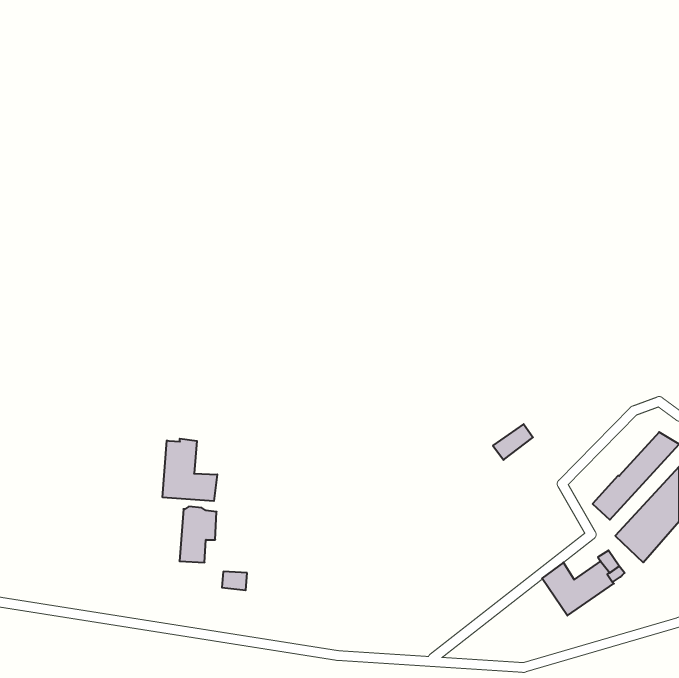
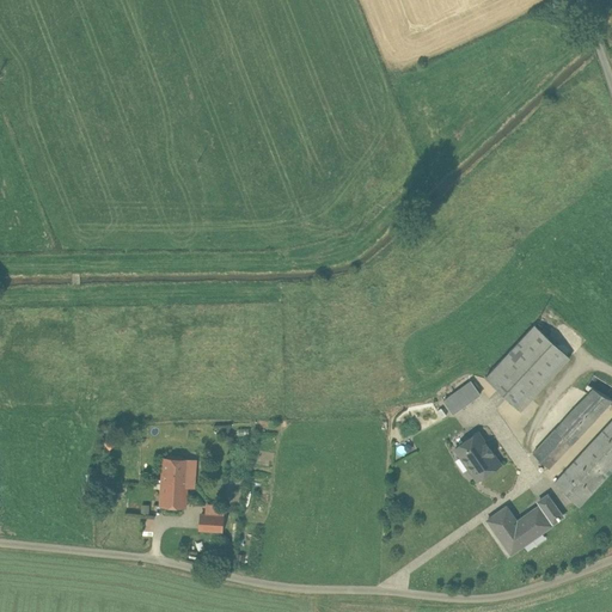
building: none -> [485,325,570,411]
building: [163,439,217,501] -> none
building: none -> [455,433,501,482]

